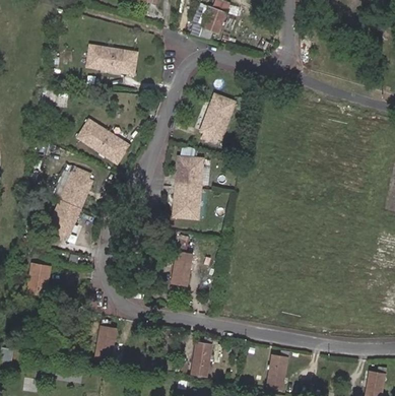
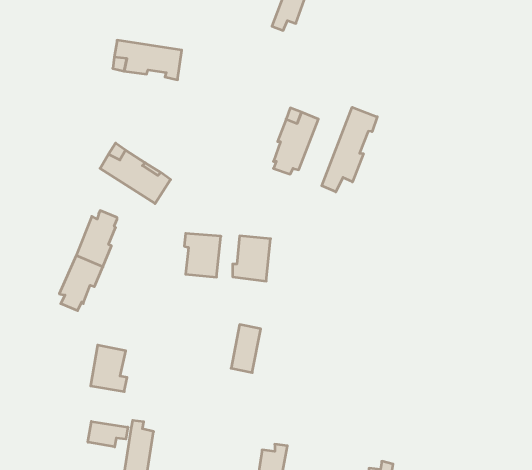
building: none -> [322,107,377,192]
building: [177,157,203,189] -> [184,233,221,277]
building: [26,263,53,296] -> [91,345,127,392]
building: none -> [88,421,128,447]

